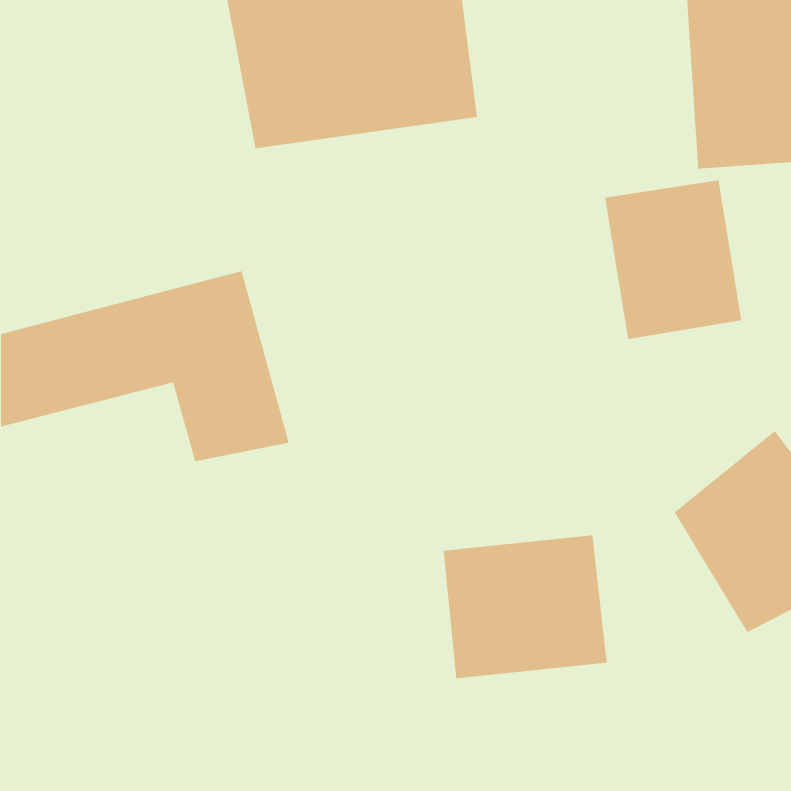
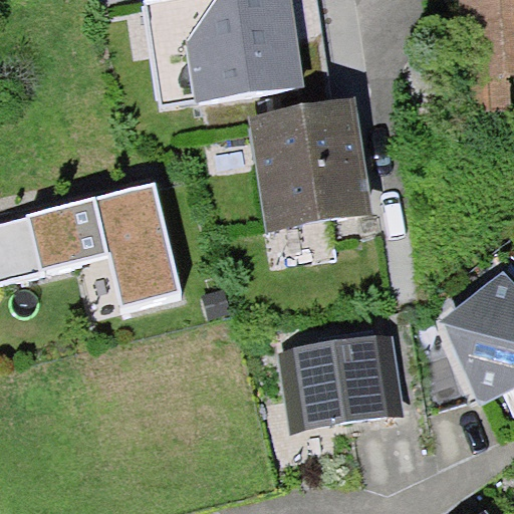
building: none -> [249,104,369,232]
building: [604,179,742,340] -> none

